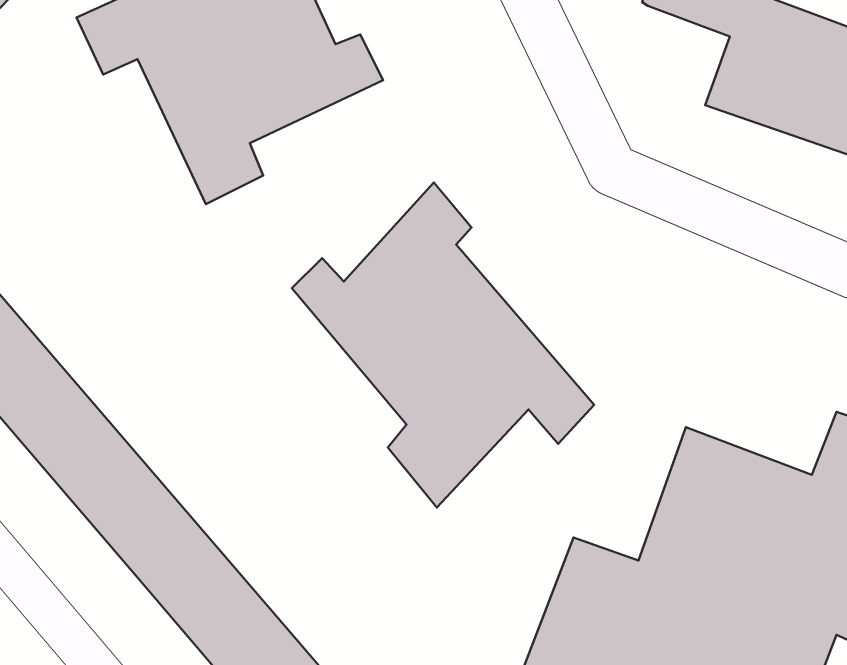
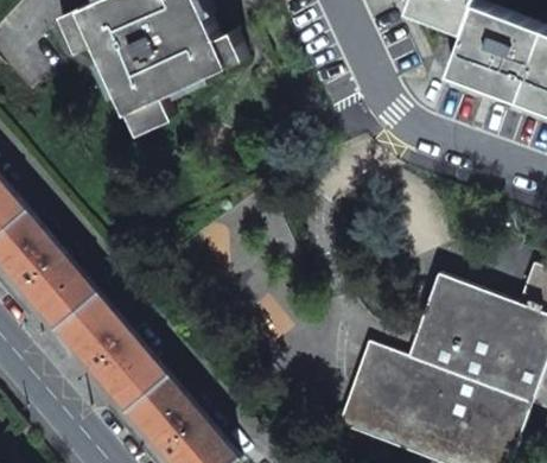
building: [292,183,594,507] -> none

